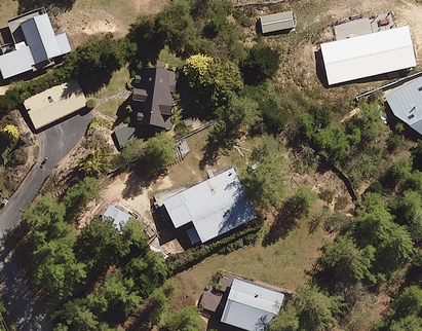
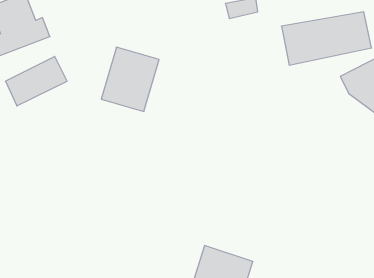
building: [153,159,259,244] -> none

